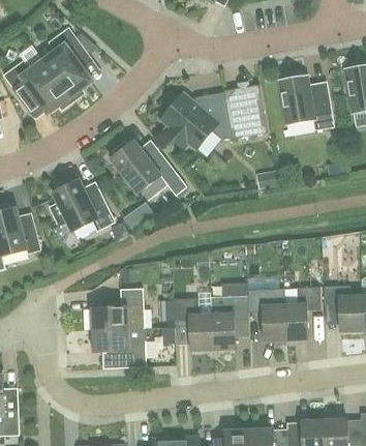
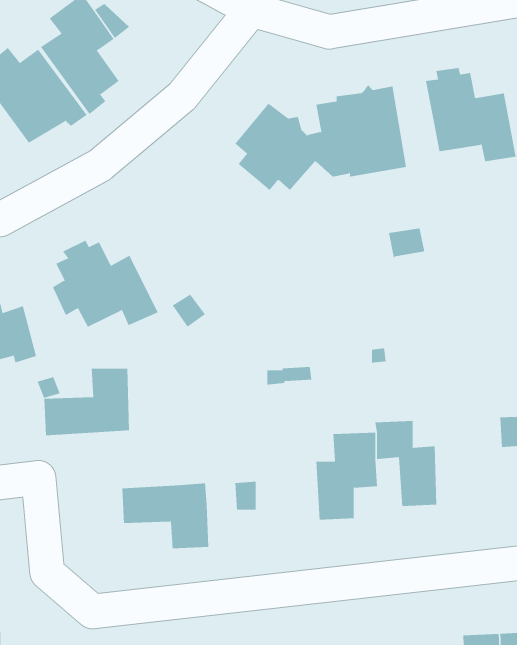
building: [109,141,185,196] -> none
building: [283,287,319,340] -> none
building: [90,289,143,330] -> [44,368,130,436]
building: [173,298,212,351] -> none

